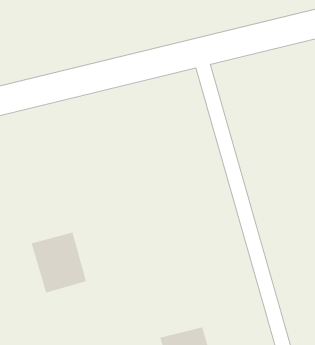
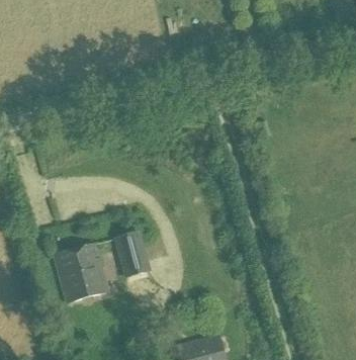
building: none -> [115,230,149,278]

